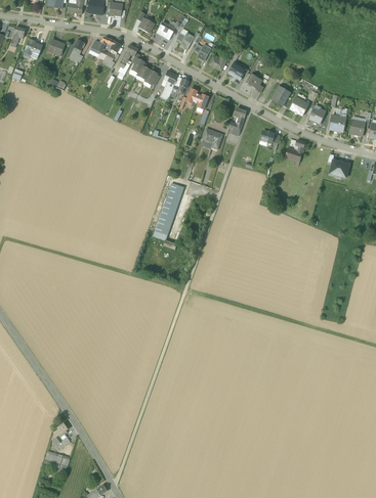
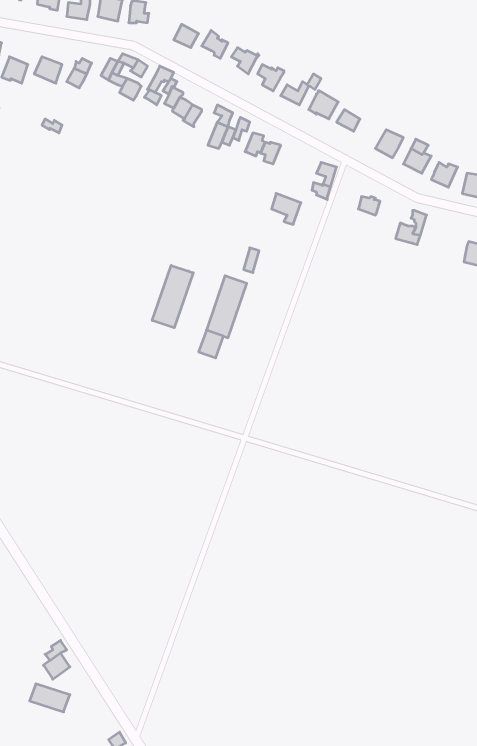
building: none -> [152,265,193,328]

